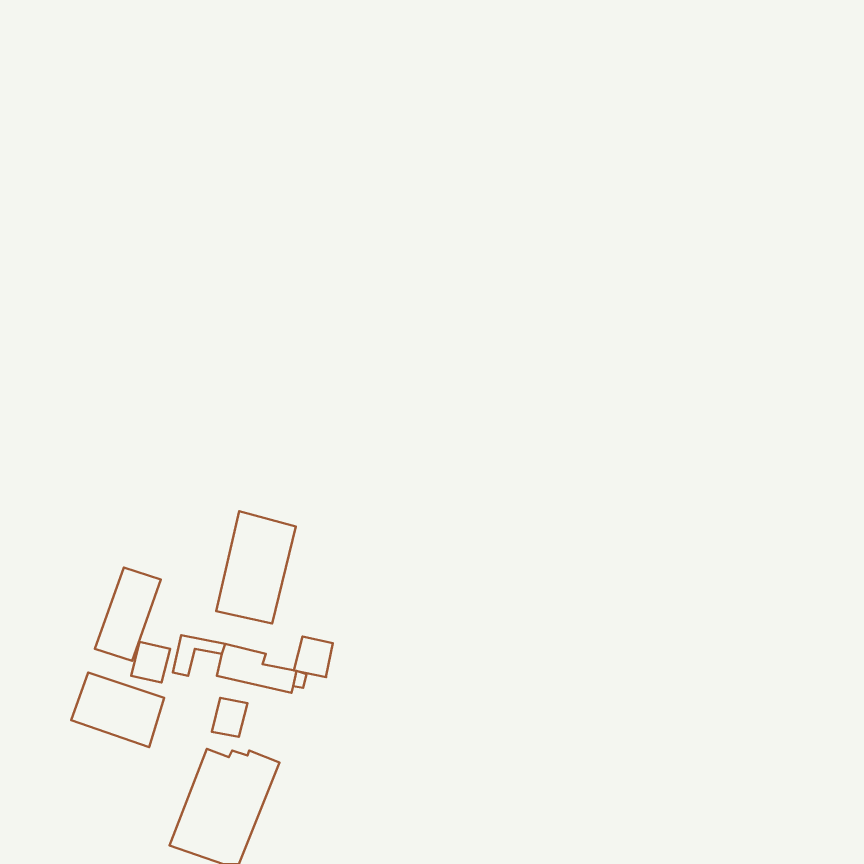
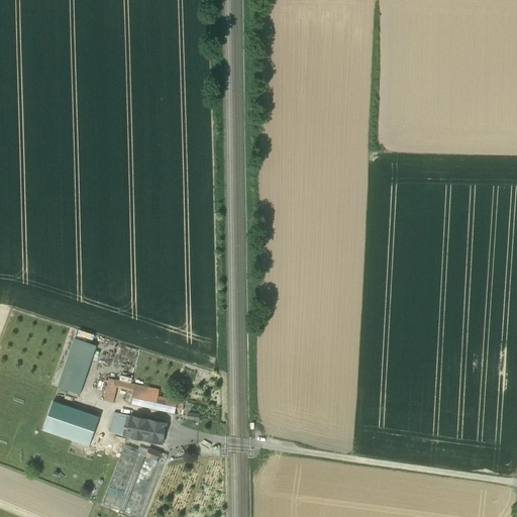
building: [216,511,296,623] -> none
building: [294,636,333,677] -> [142,419,166,443]
building: [131,642,170,683] -> [108,412,131,436]

